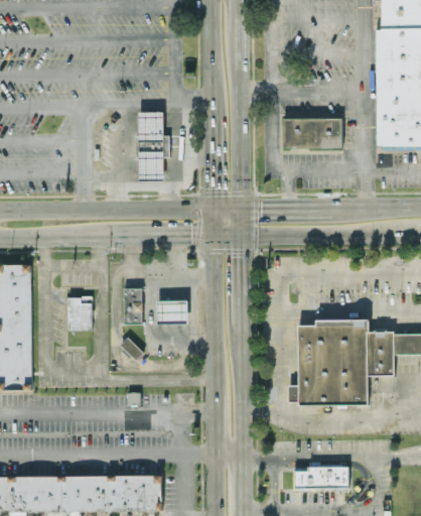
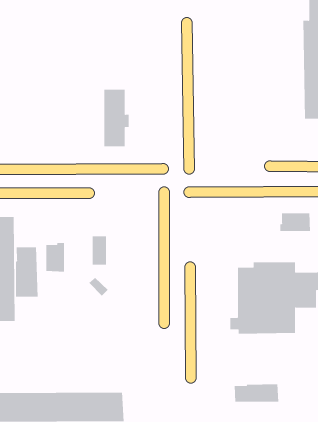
building: [283,117,345,148] -> none
building: none -> [280,212,311,232]
building: [156,300,186,324] -> none
building: none -> [16,247,38,298]

